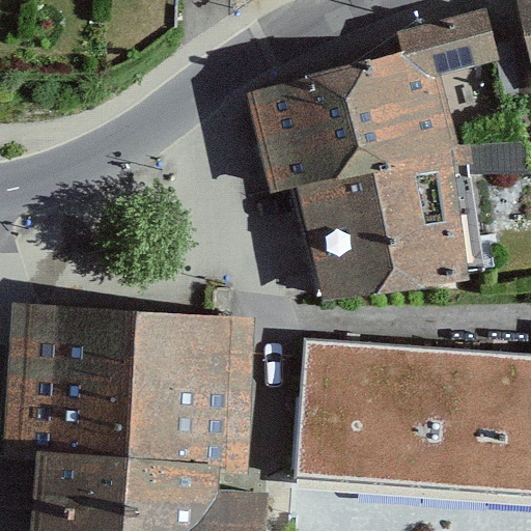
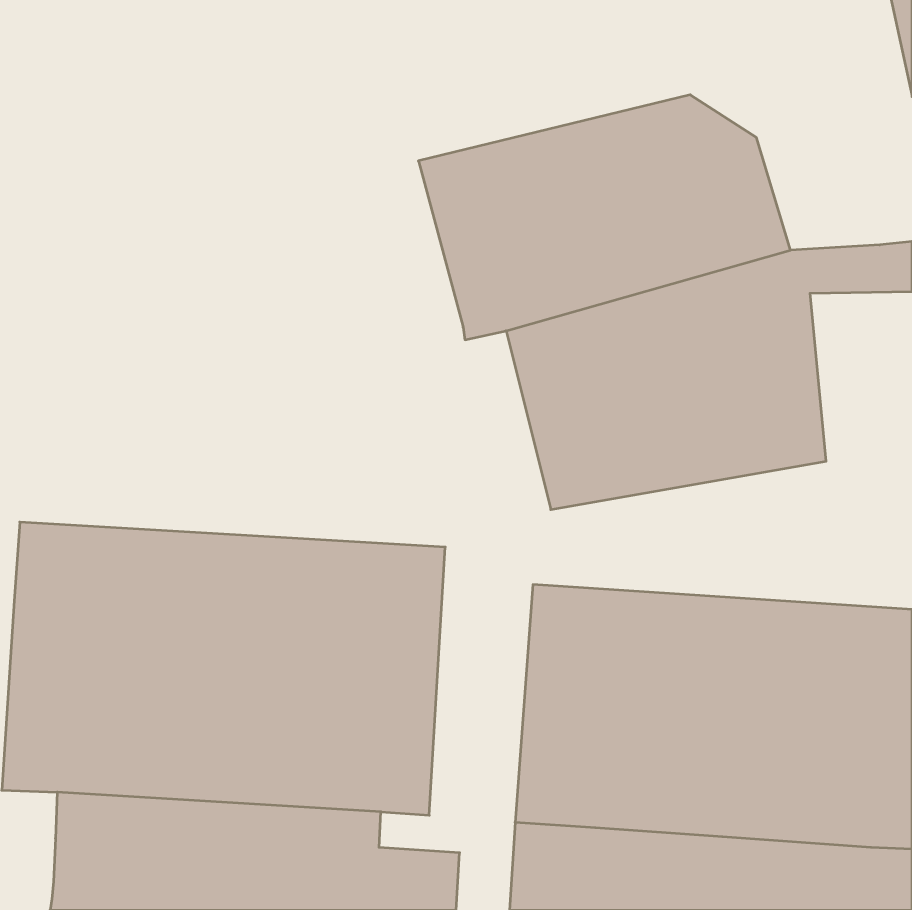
building: [400,10,498,80] -> none

